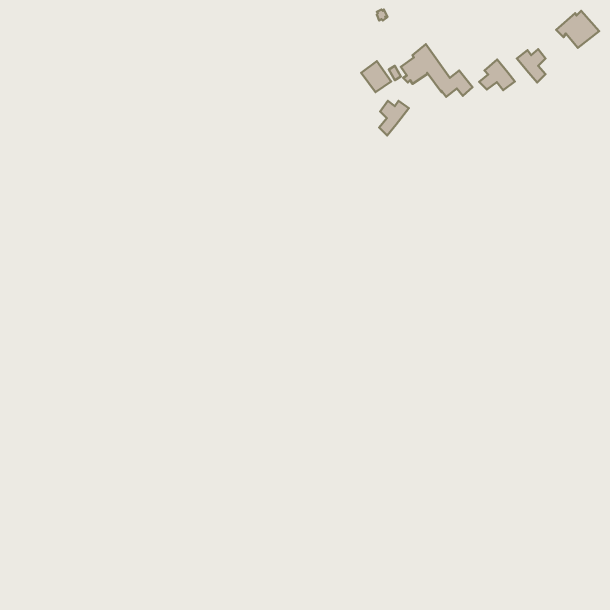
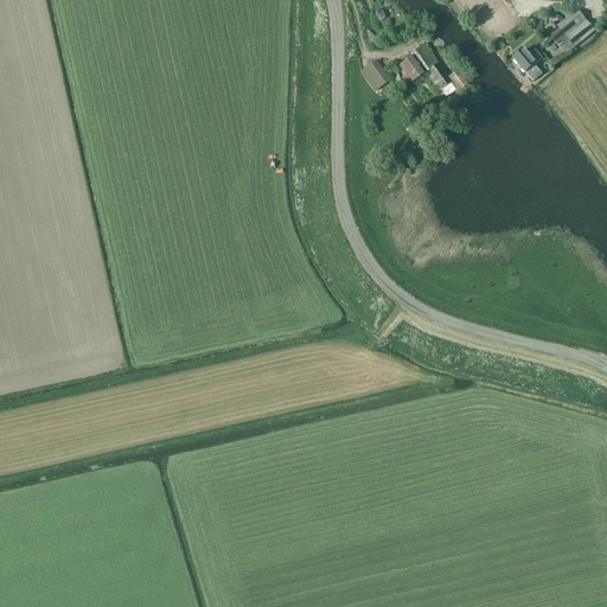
building: [479,59,515,90] -> none
building: [379,101,409,135] -> none

